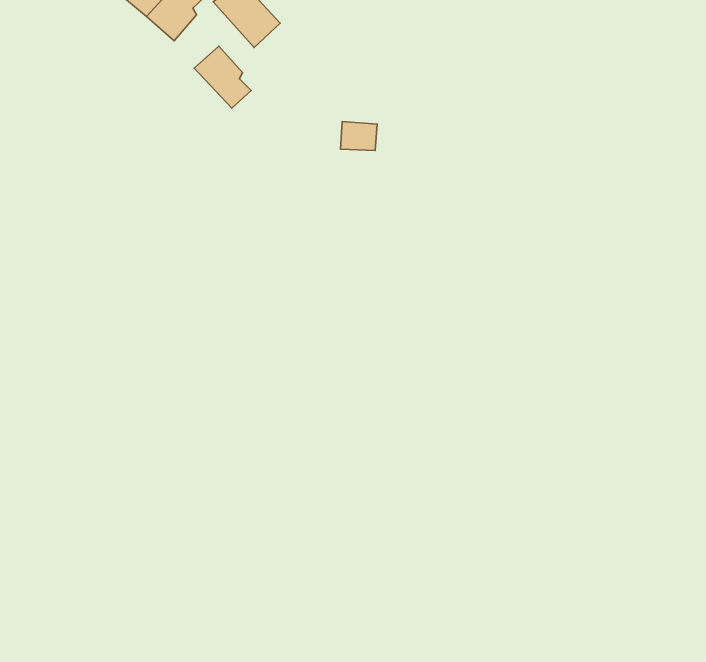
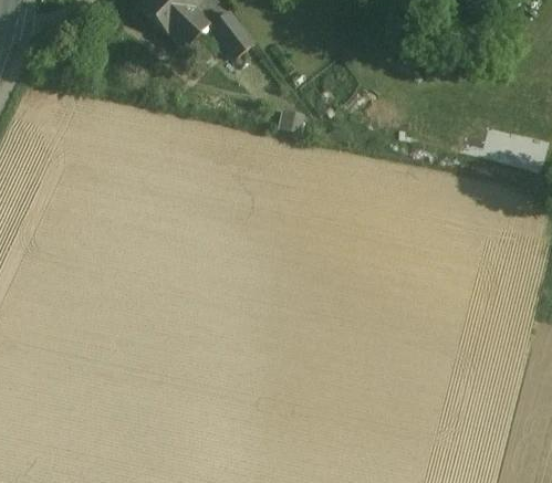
building: [194,46,251,108] -> none

